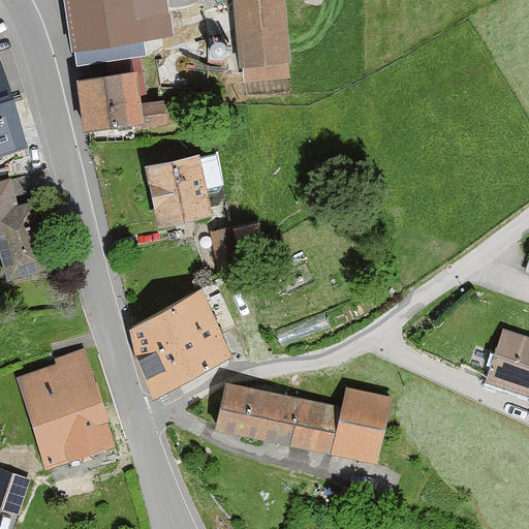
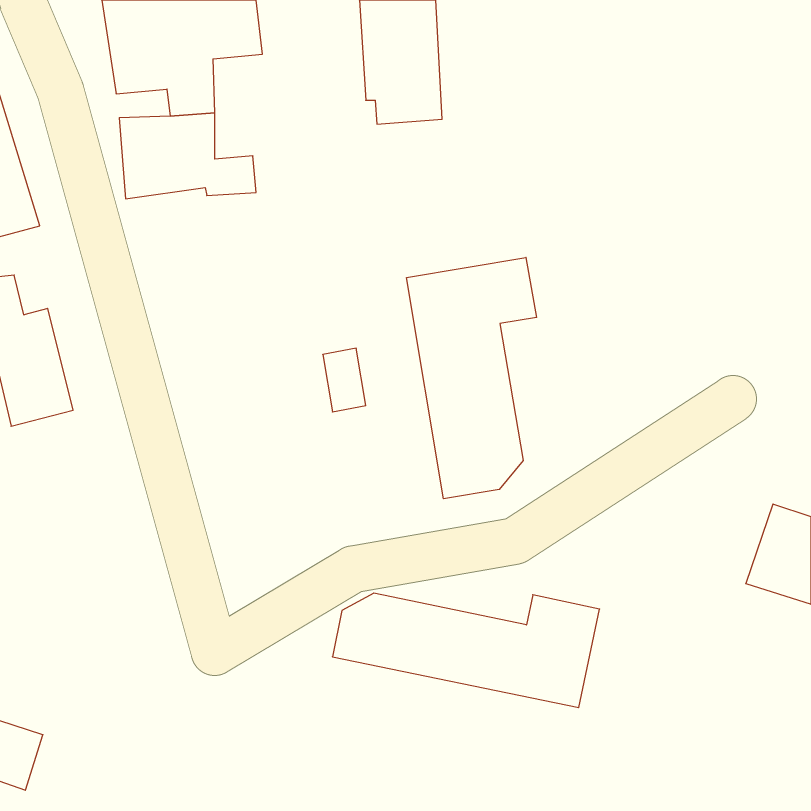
building: [145,154,223,225] -> none
building: none -> [407,257,537,499]
building: [129,290,230,395] -> none
building: [15,349,114,468] -> none

